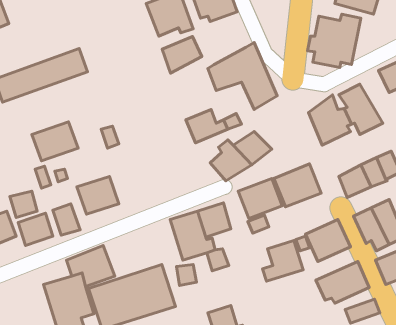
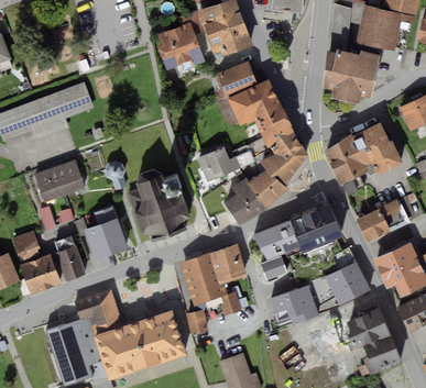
building: [162,37,202,73] -> [218,62,260,100]
building: none -> [261,133,308,187]
building: none -> [132,175,190,240]

